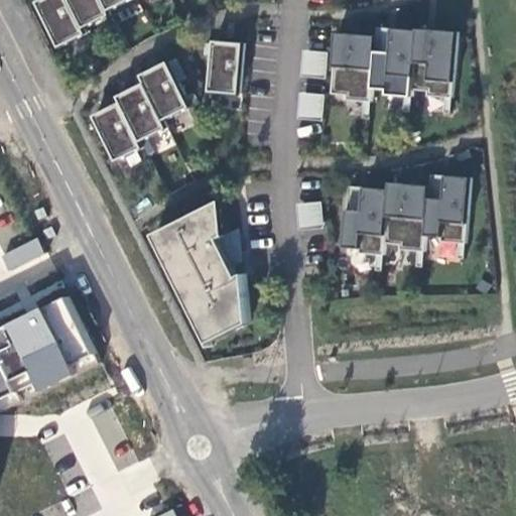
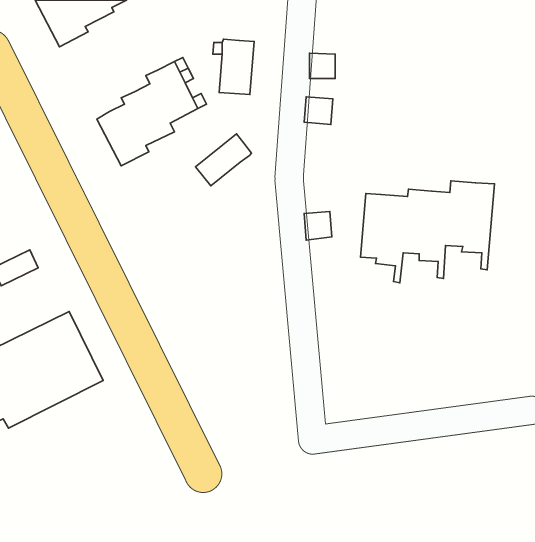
building: [329,24,455,115] -> none
building: none -> [196,134,252,186]
building: [147,206,242,347] -> none

